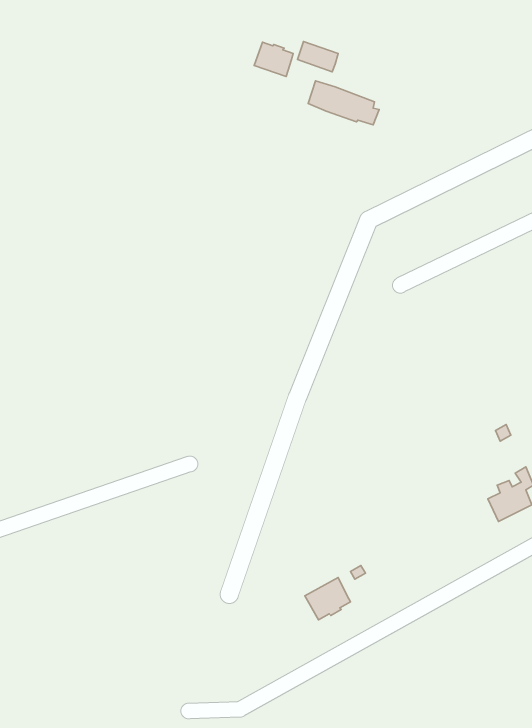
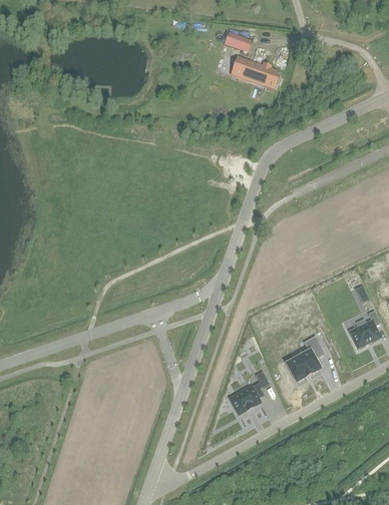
building: [254,42,293,77] -> none
building: none -> [288,335,325,381]

